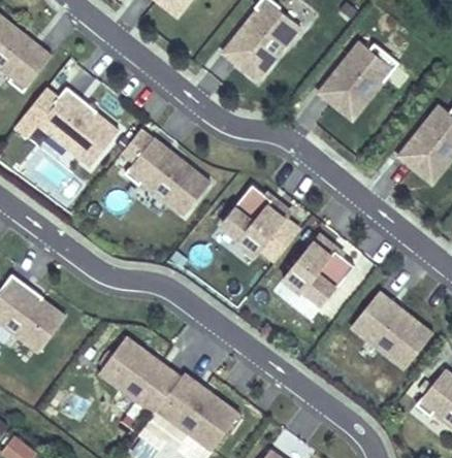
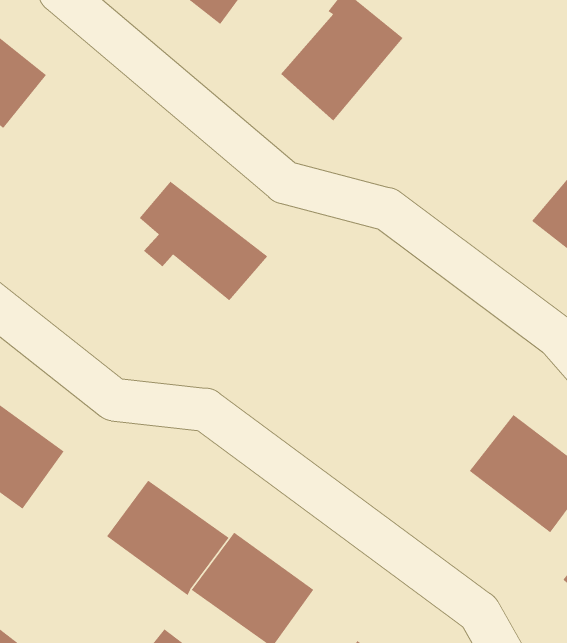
building: [313,39,398,125] -> none
building: [35,87,121,170] -> none
building: [217,188,291,262] -> none
building: [279,230,354,309] -> none

